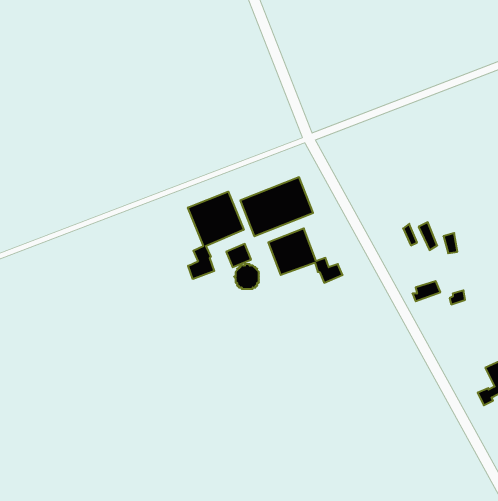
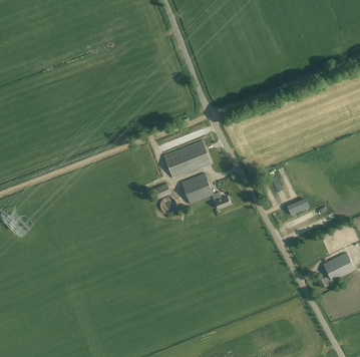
building: [188,192,244,279] -> none

